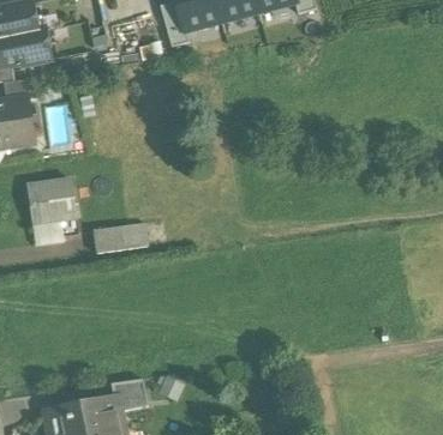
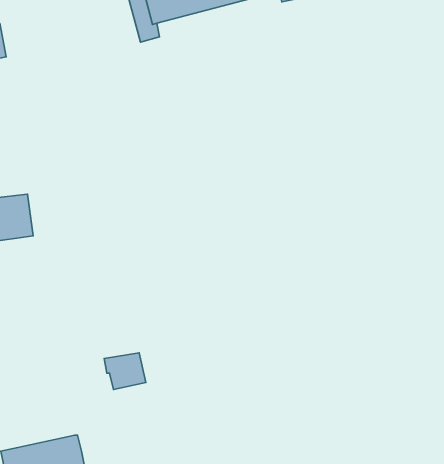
building: [91,223,146,254] -> none
building: [109,379,146,411] -> [104,353,146,389]

